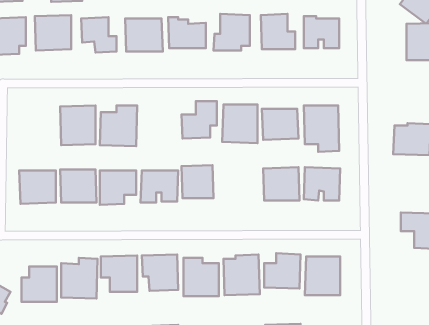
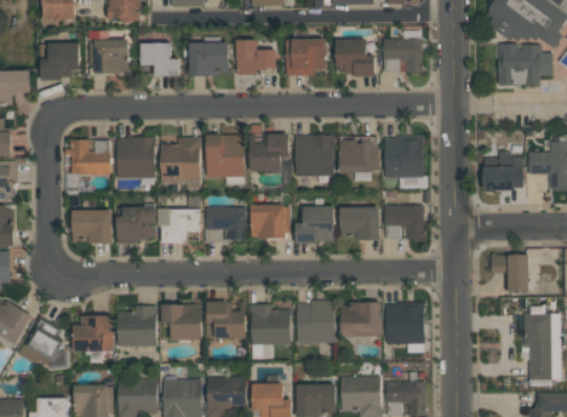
building: none -> [206,132,245,178]
building: none -> [71,139,110,175]
building: none -> [294,204,334,242]

